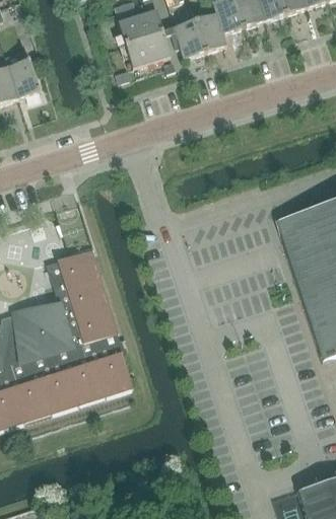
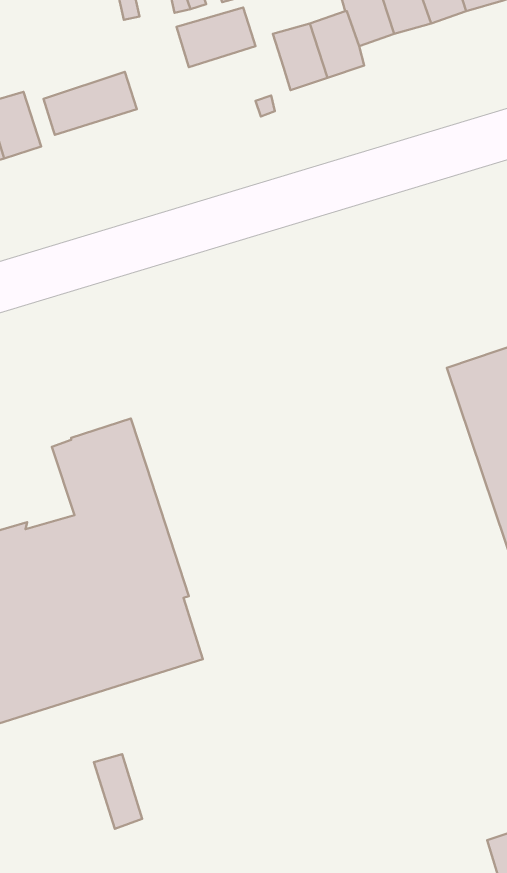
building: [126,32,172,67] -> none
building: none -> [44,72,137,135]
building: none -> [94,754,142,829]

